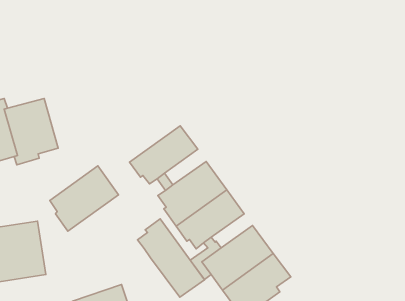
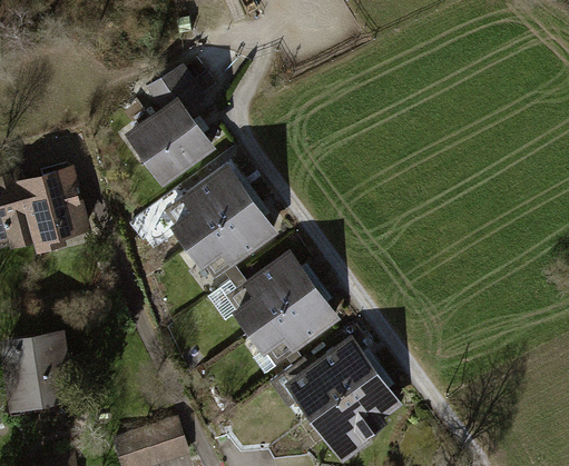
building: none -> [124,62,216,187]
building: [50,166,119,231] -> [161,162,254,250]
building: [138,219,204,297] -> none

